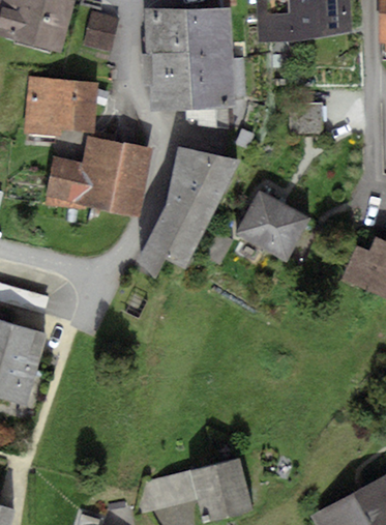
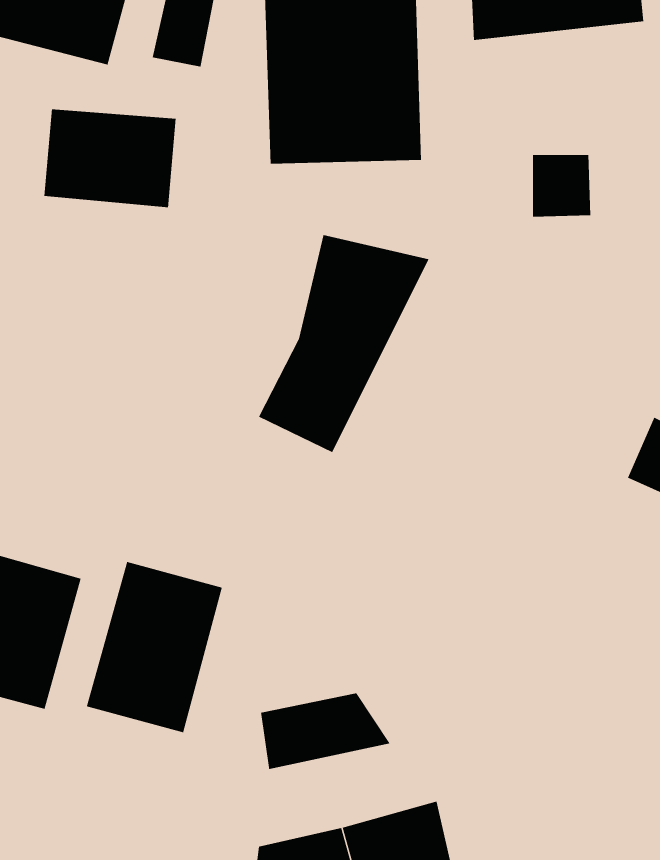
building: [44,137,150,218] -> none
building: [237,193,306,261] -> none
building: none -> [86,561,222,733]
building: none -> [260,693,391,770]

